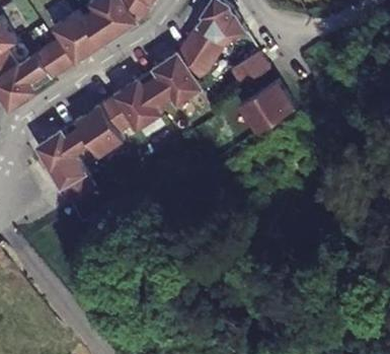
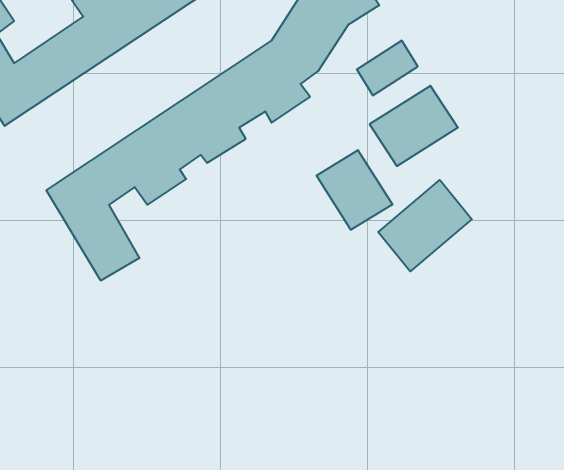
building: none -> [317,150,392,230]
building: none -> [378,180,472,271]

